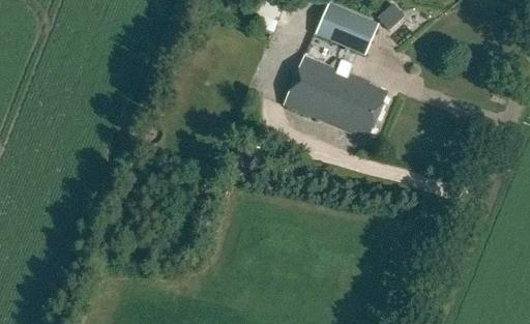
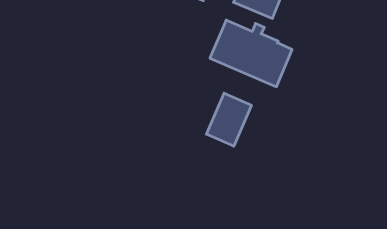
building: none -> [206,93,251,146]

